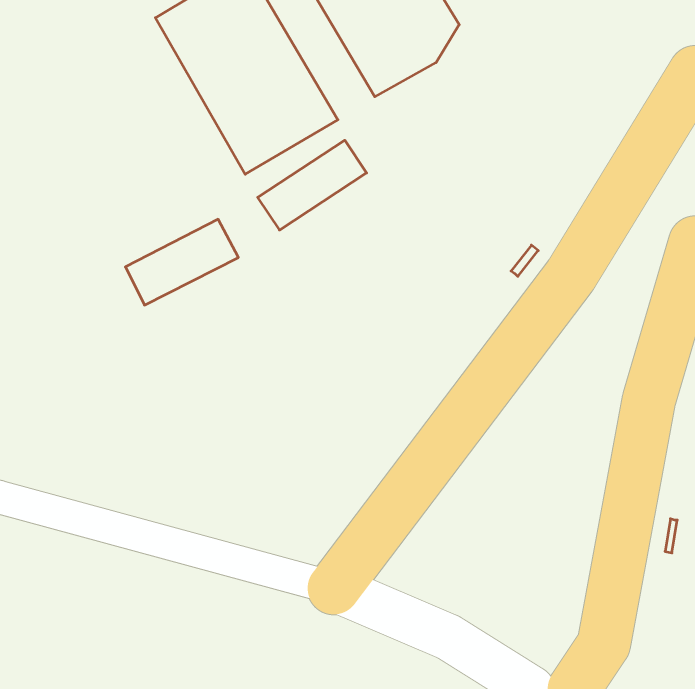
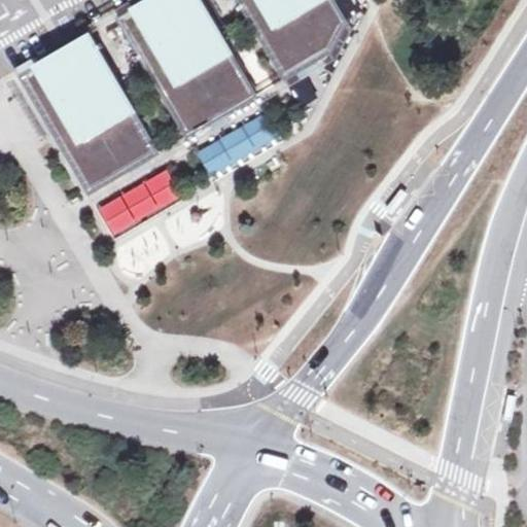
building: none -> [20,30,159,189]

